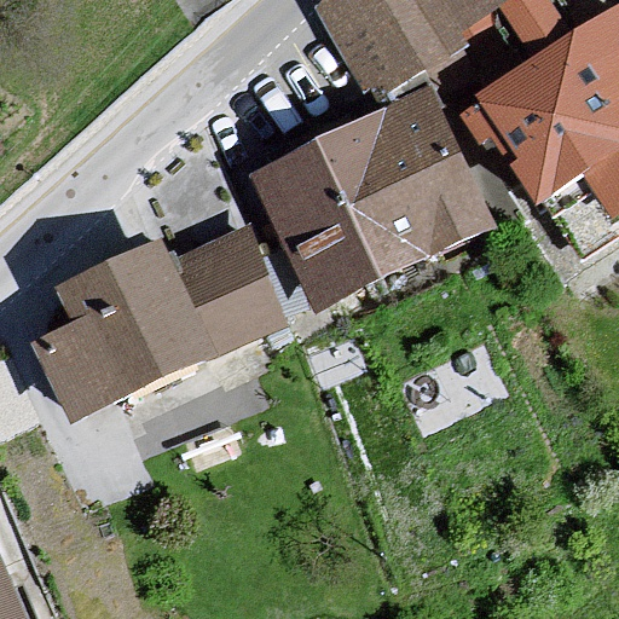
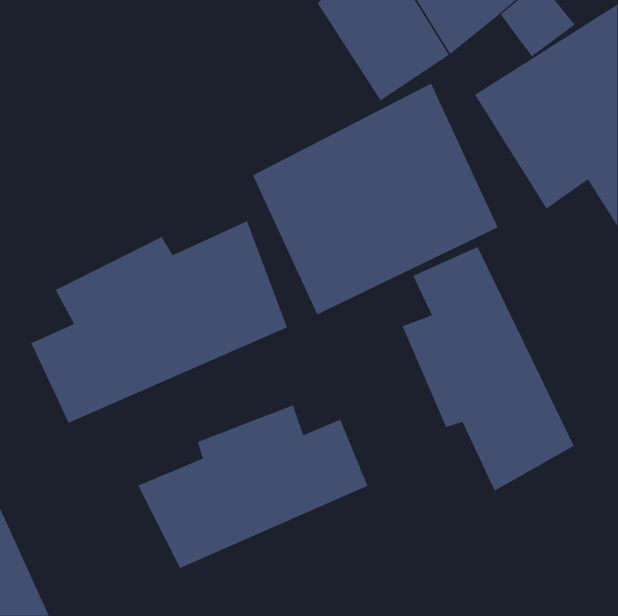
building: none -> [402,246,575,491]
building: none -> [137,405,368,569]

